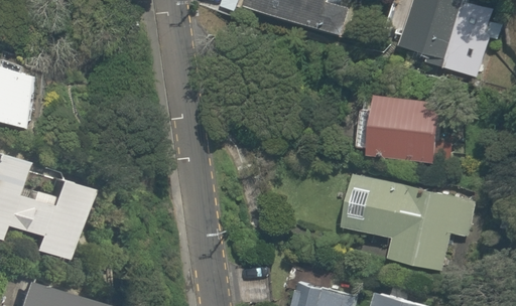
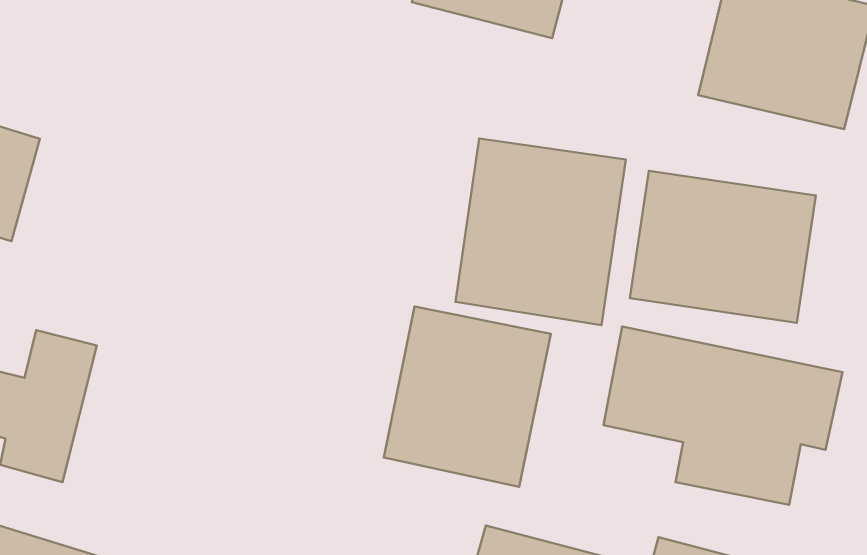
building: none -> [455,139,626,325]
building: none -> [384,307,551,487]

